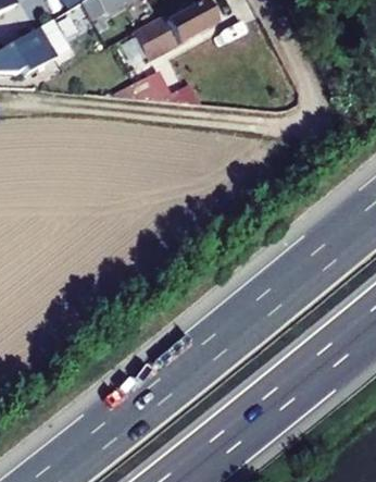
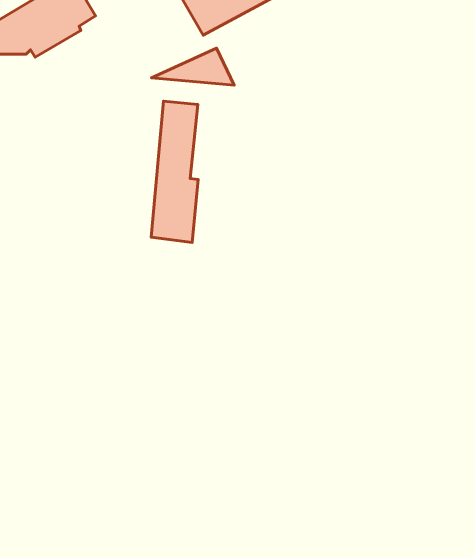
building: none -> [151,101,198,243]

